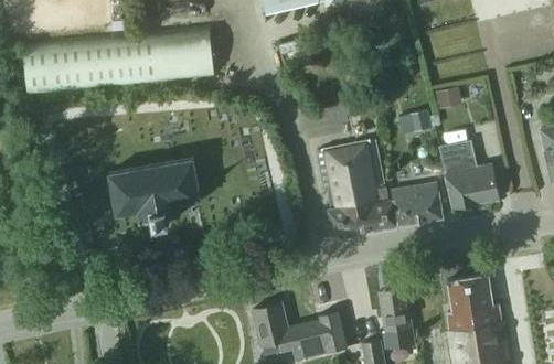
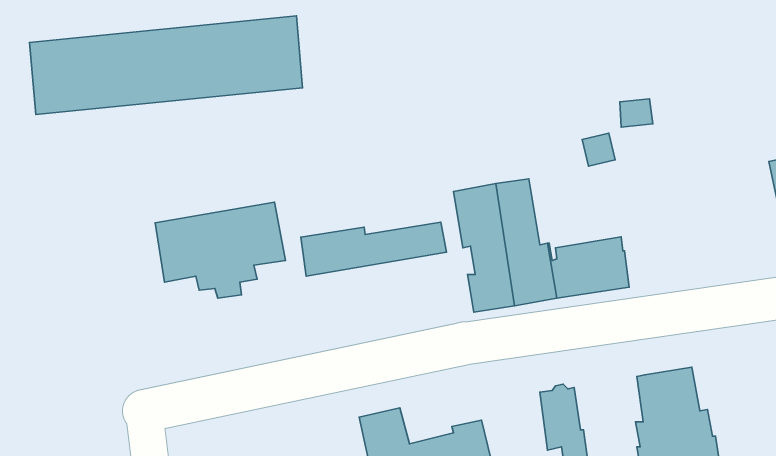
building: [439,140,498,208] -> none
building: none -> [301,222,446,276]

